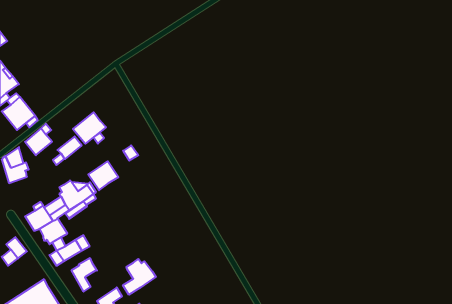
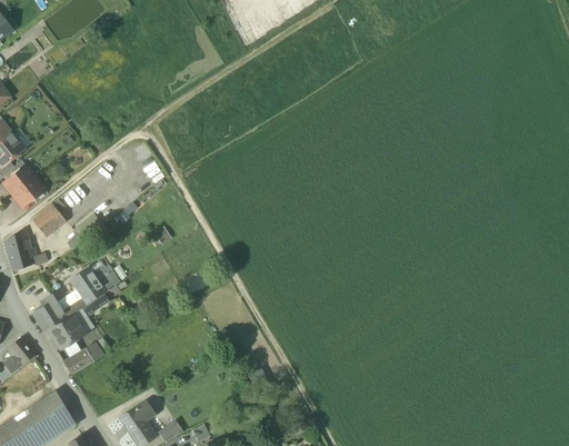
building: [73,112,106,144] -> none
building: [88,161,118,190] -> none
building: [72,258,97,292] -> none
building: [123,259,156,295] -> none

